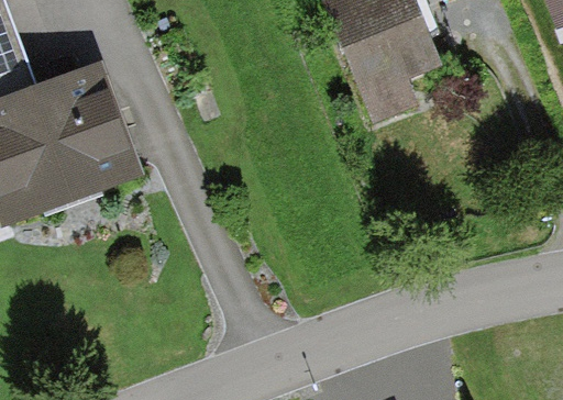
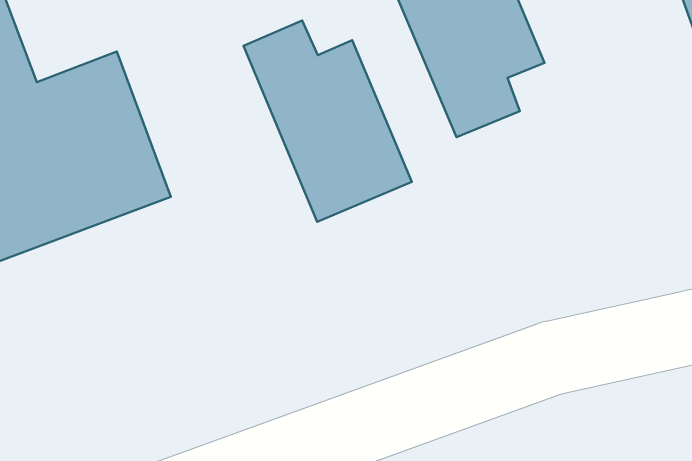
building: none -> [244,21,412,222]

